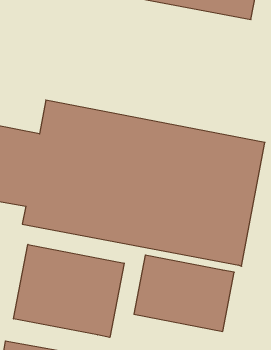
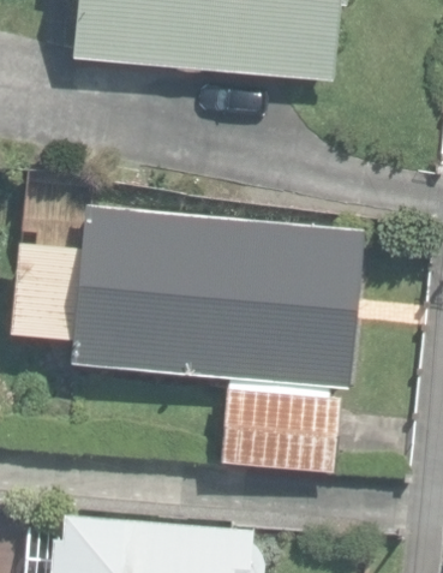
building: [14,244,124,337] -> none

